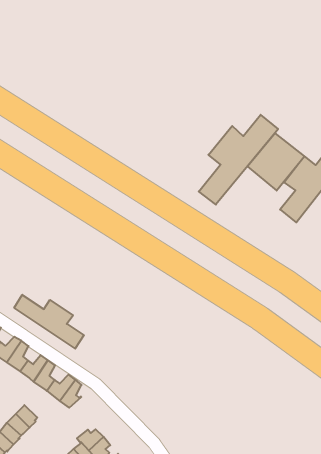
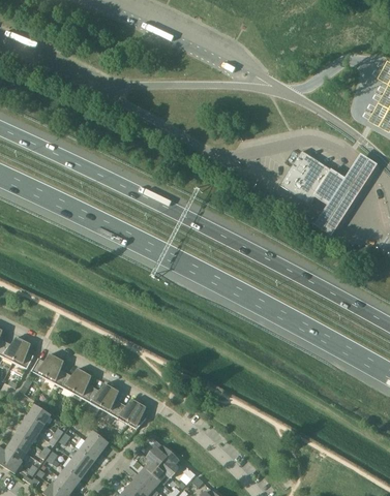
building: [199,115,278,205] -> none
building: [14,295,84,349] -> none

